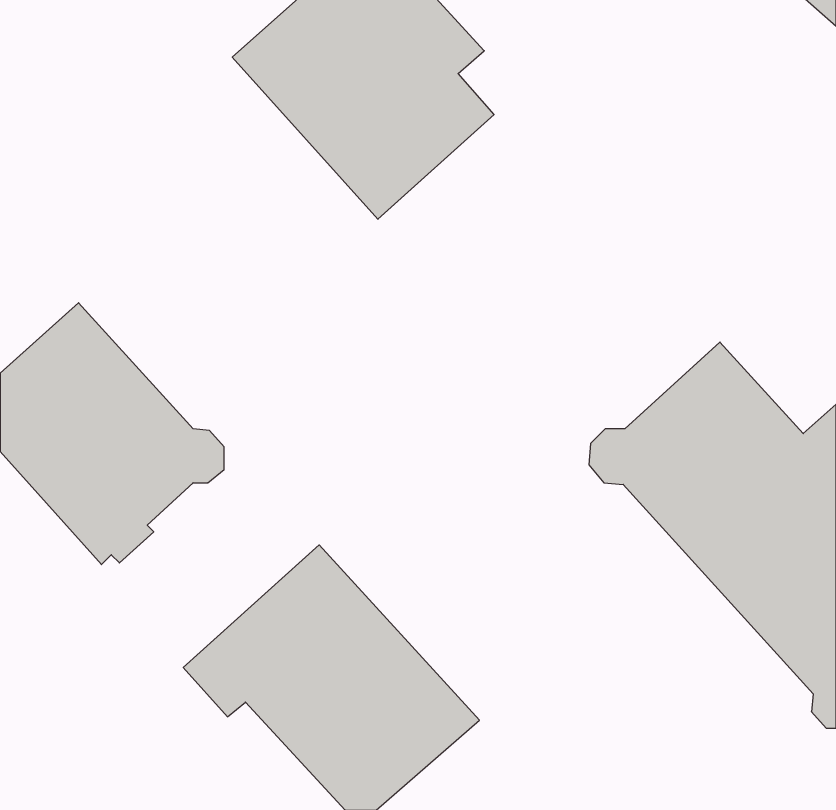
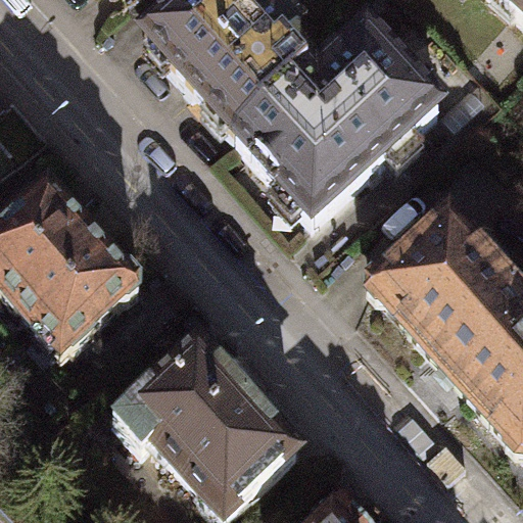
building: none -> [236,29,439,222]

